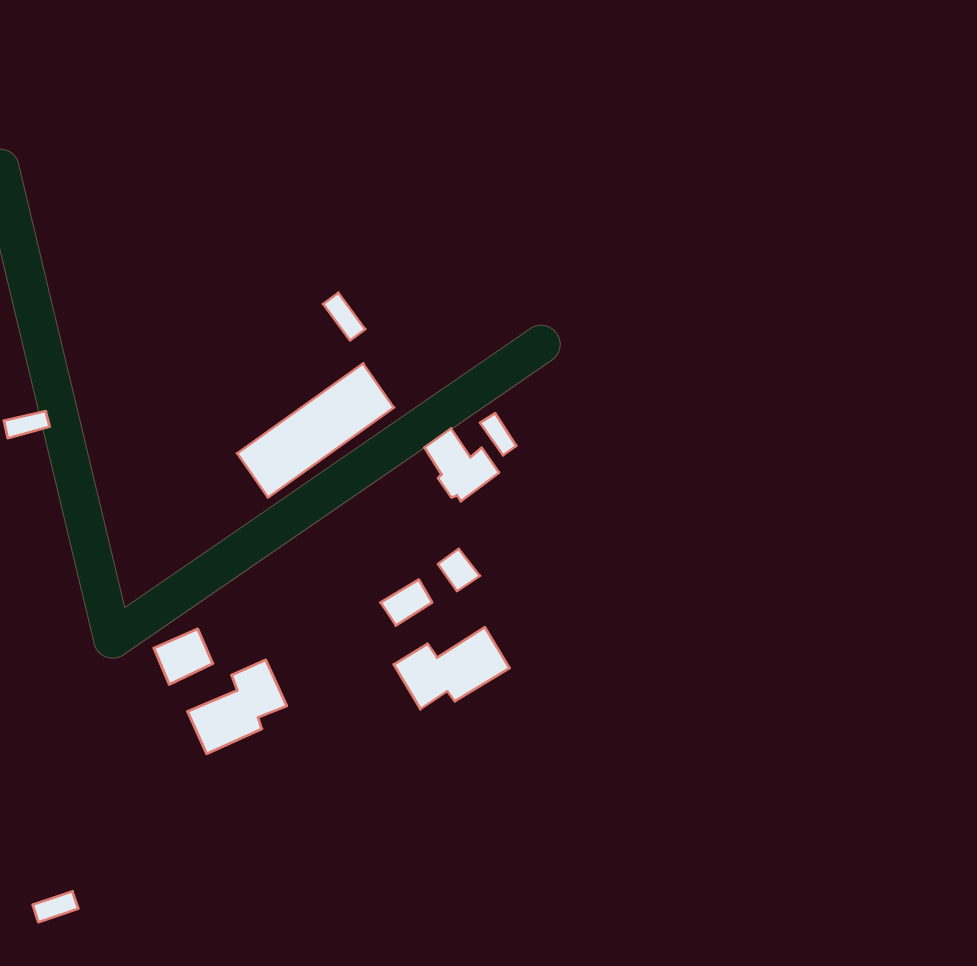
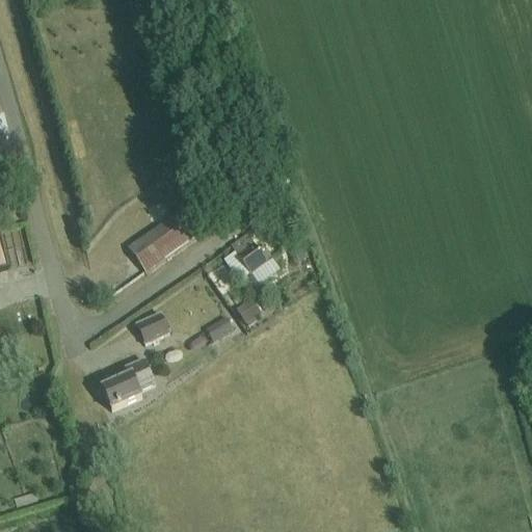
building: [394,627,510,709] -> none
building: [154,629,213,684] -> [137,313,169,343]

